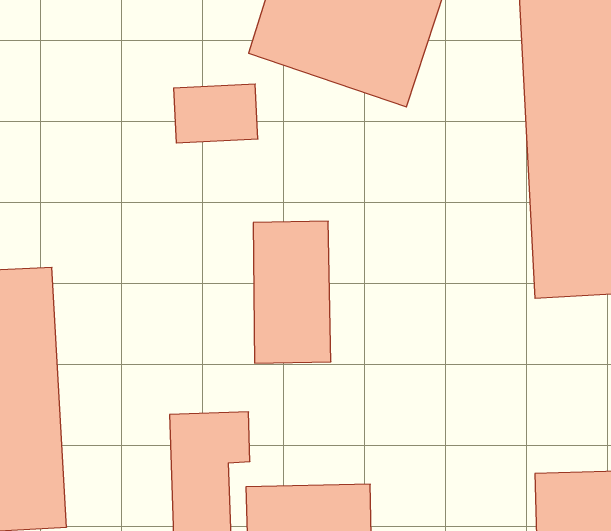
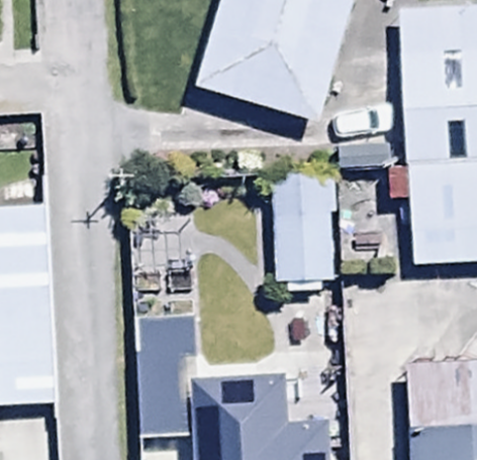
building: [253,221,331,363] -> [272,161,330,268]

